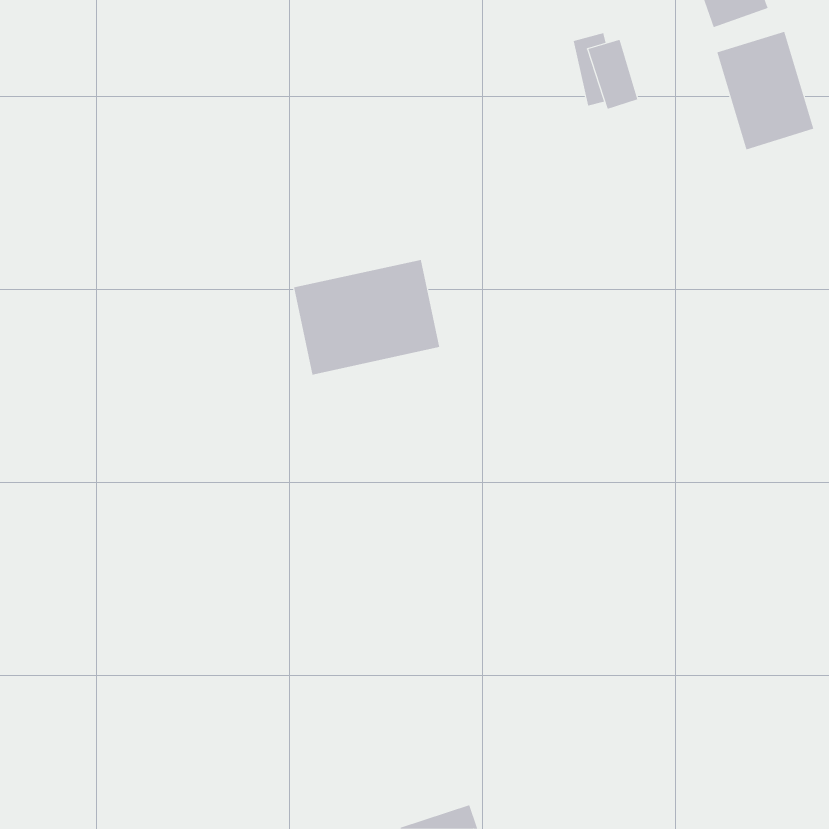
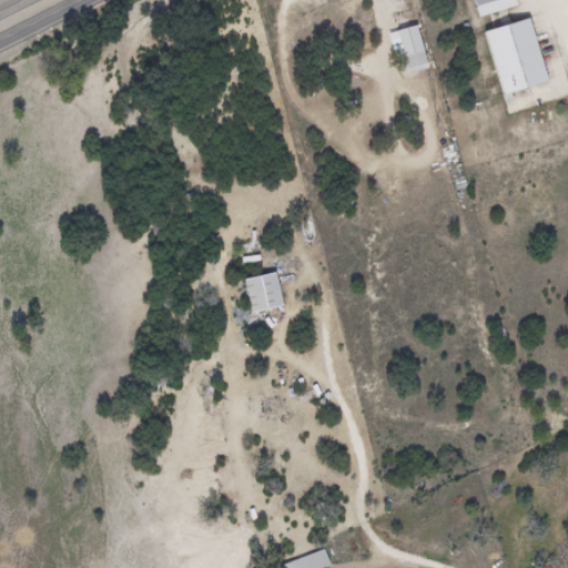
building: [294,259,440,375] -> none
building: none -> [234,268,276,311]

